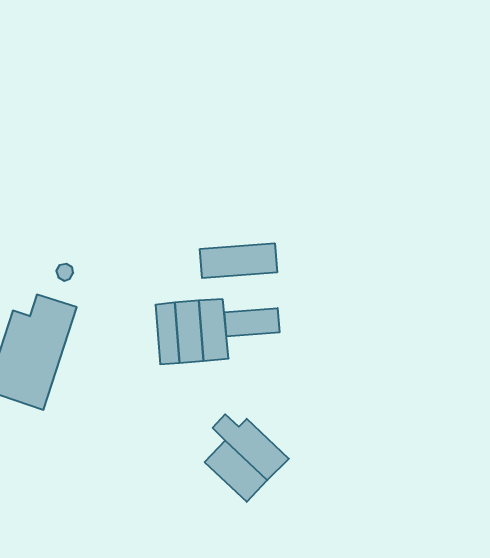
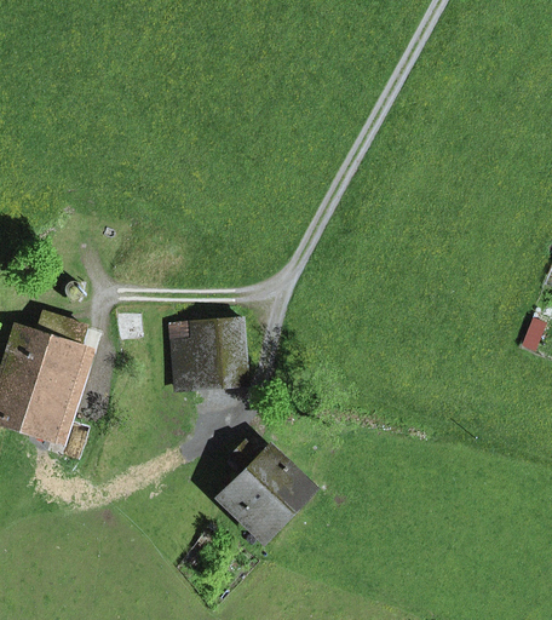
building: [200,243,277,278] -> none
building: [225,308,279,336] -> none

